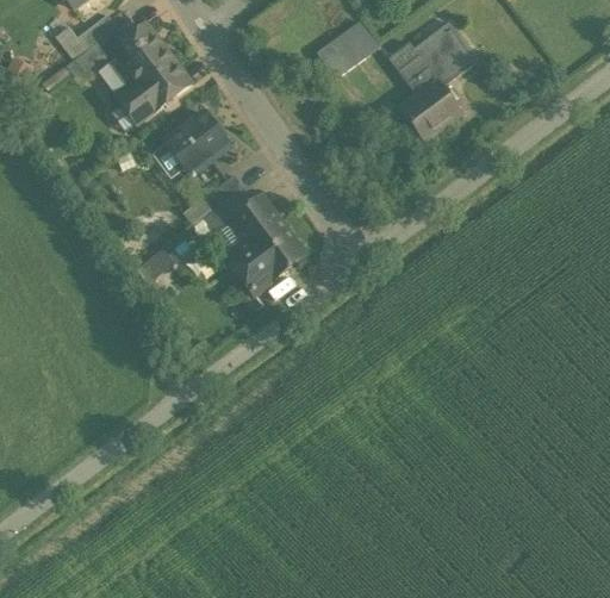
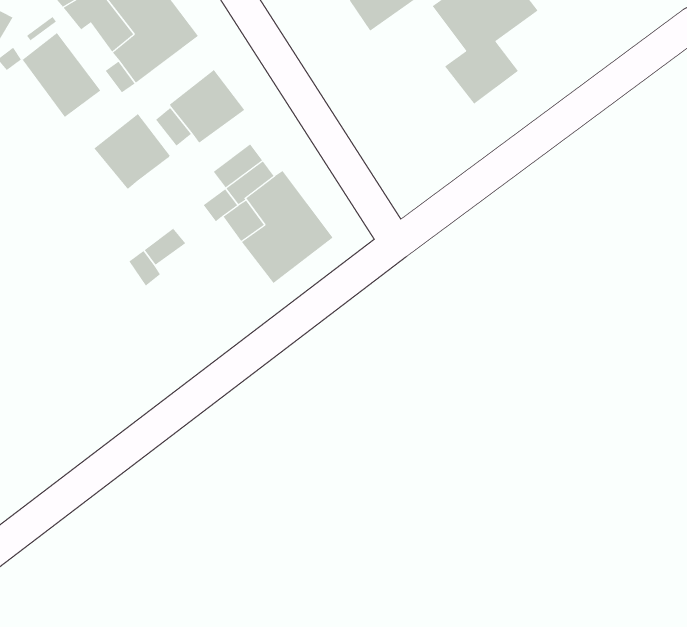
building: none -> [22,32,101,118]
building: none -> [94,113,170,190]

